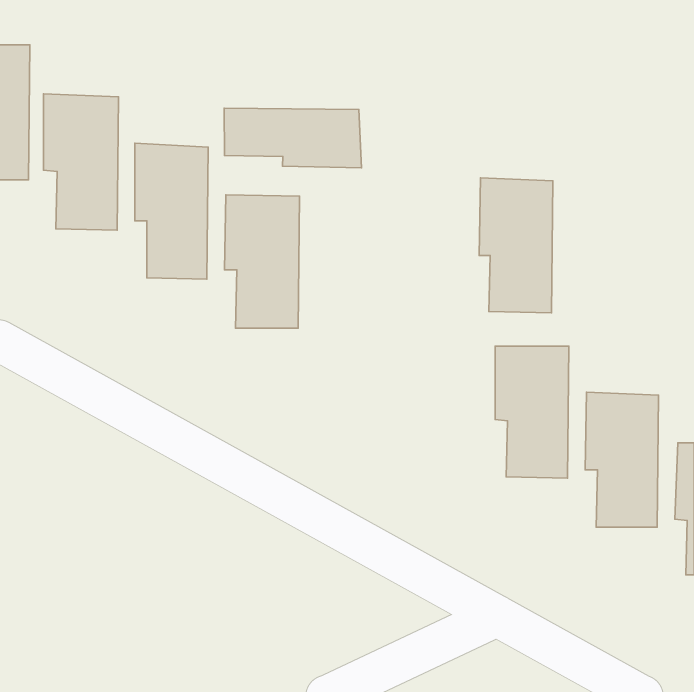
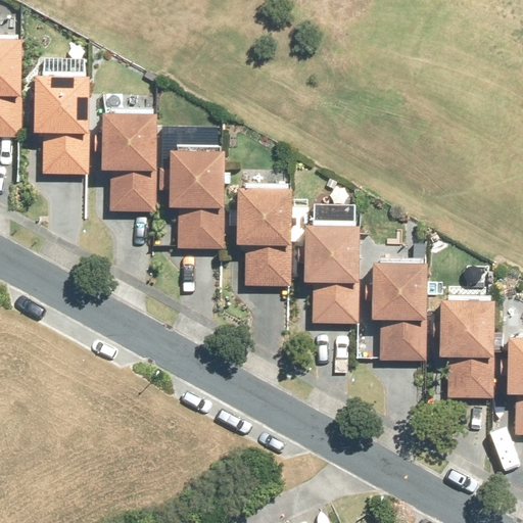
building: [224,108,362,168] -> none
building: [479,178,553,313] -> [304,223,360,324]
building: none -> [236,186,292,286]

